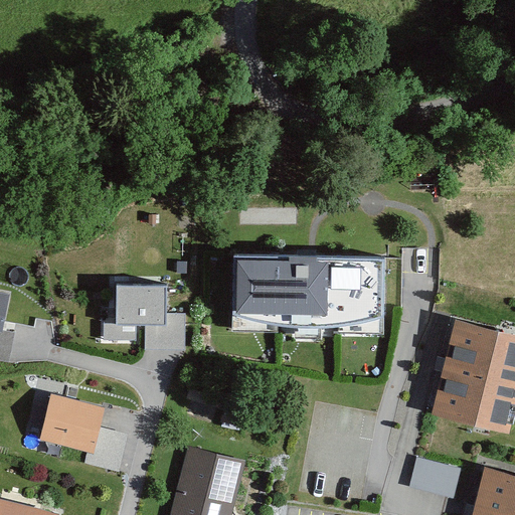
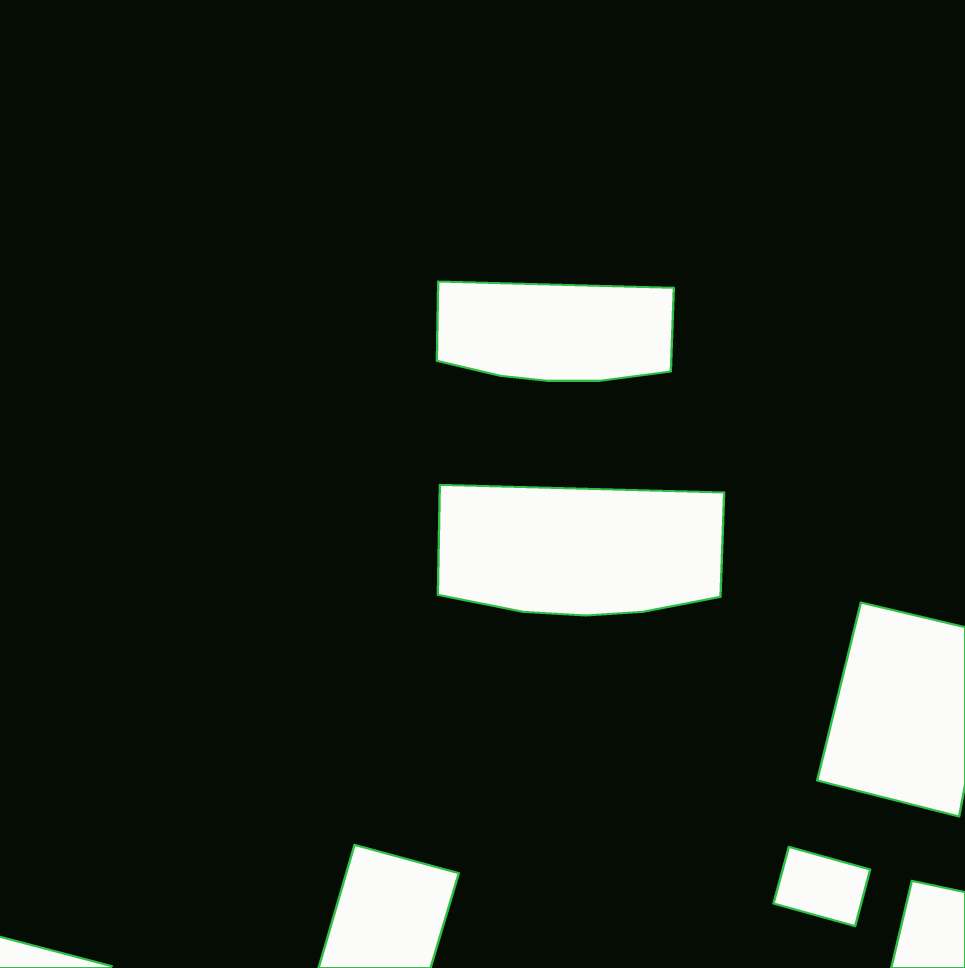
building: none -> [437,282,674,381]
building: [117,294,163,329] -> none
building: [40,402,101,455] -> none

